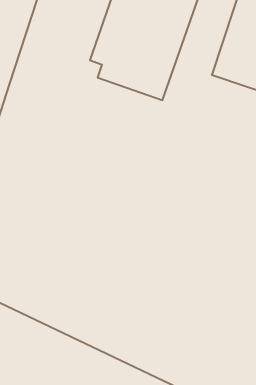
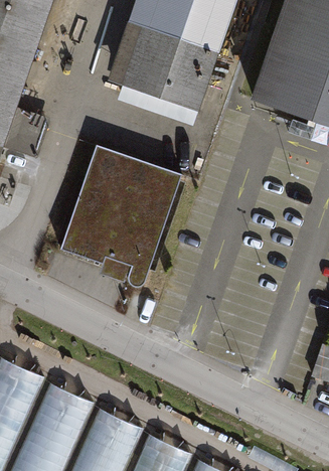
building: none -> [61,149,182,296]

